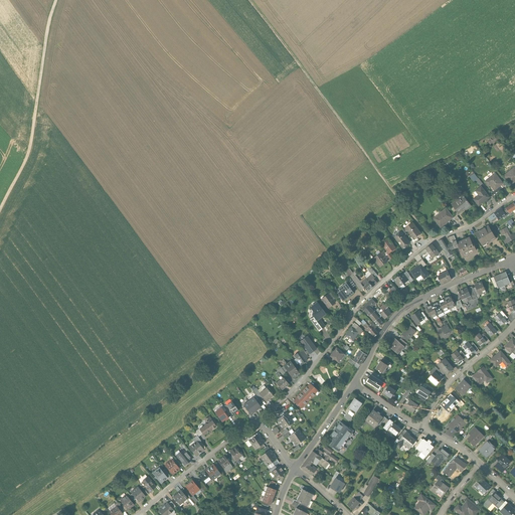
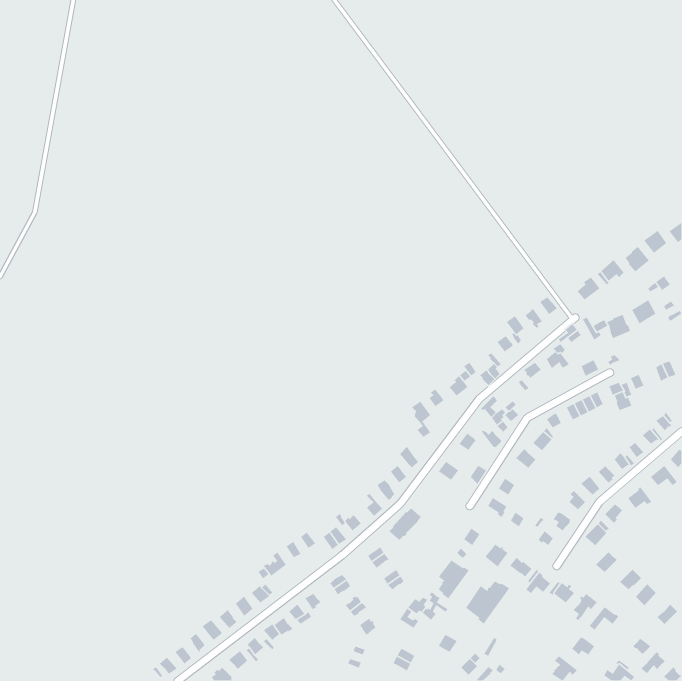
building: none -> [465,580,510,625]

